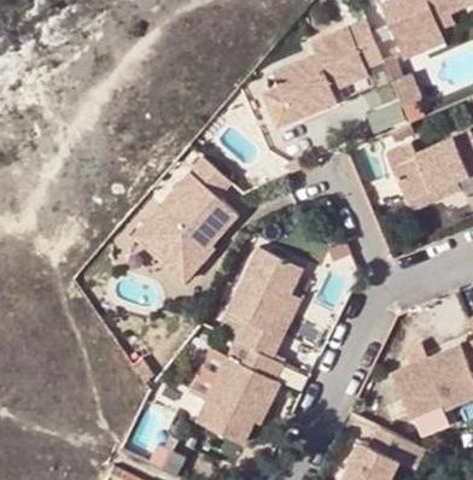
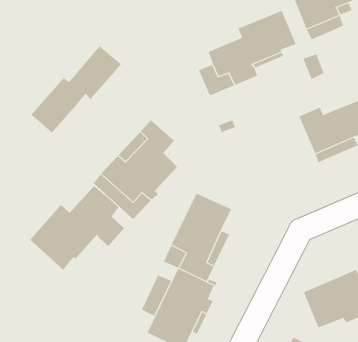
building: none -> [30,46,122,133]
building: none -> [30,185,125,271]

